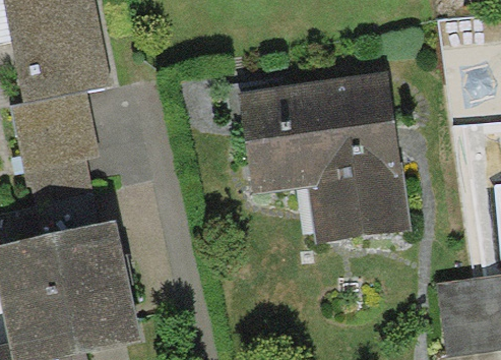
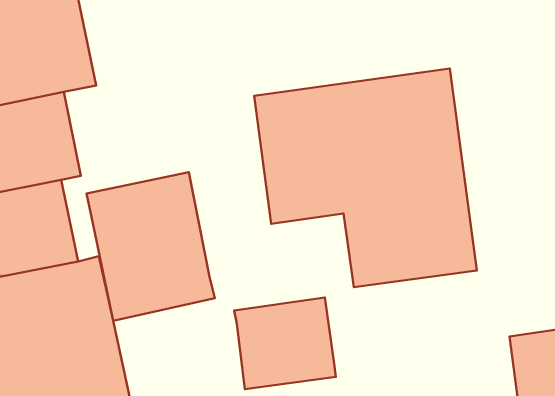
building: none -> [87,172,215,321]
building: none -> [234,297,336,389]

